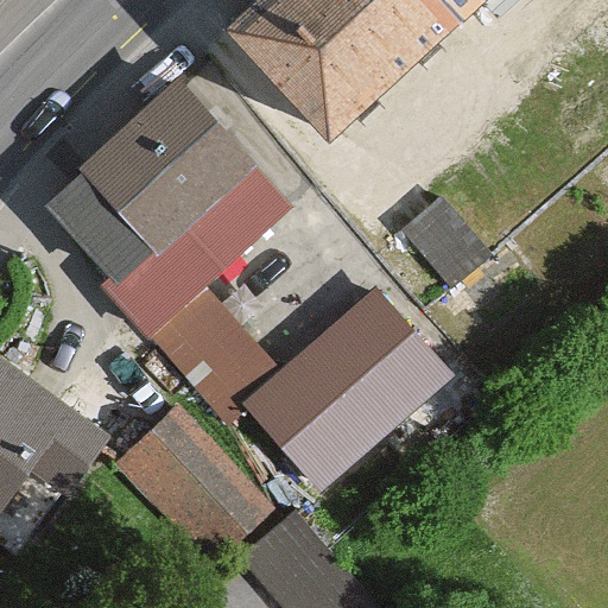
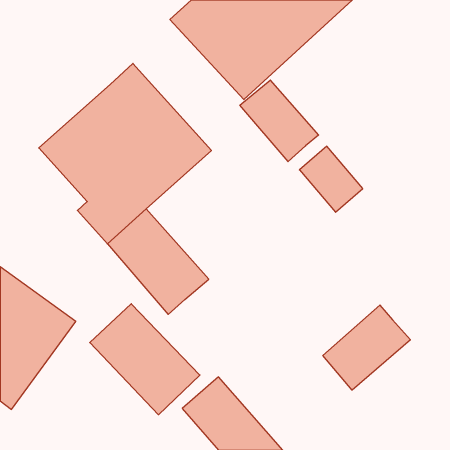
building: none -> [240,80,319,162]
building: [249,293,444,480] -> none
building: none -> [323,305,410,390]

